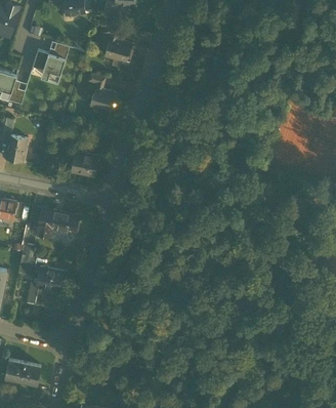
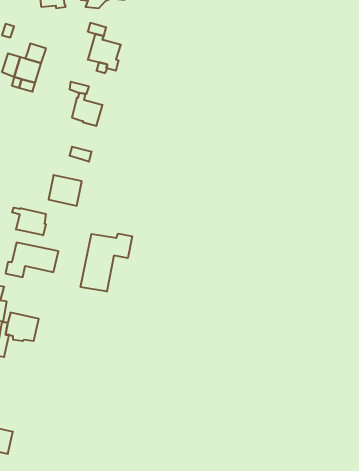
building: none -> [12,208,46,235]
building: none -> [81,234,132,292]

